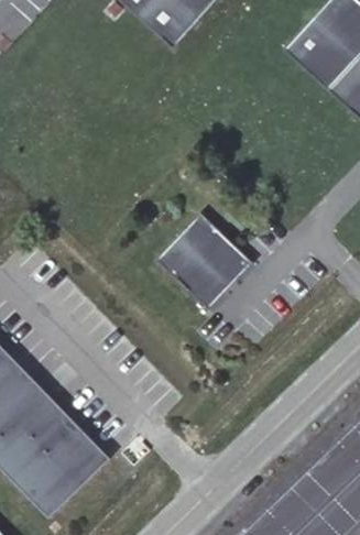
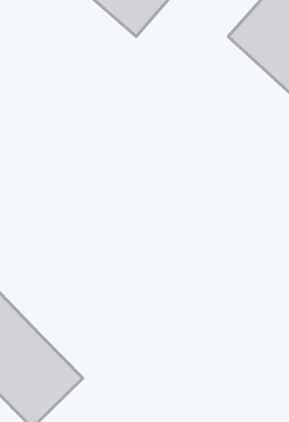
building: [155,212,253,309] -> none

